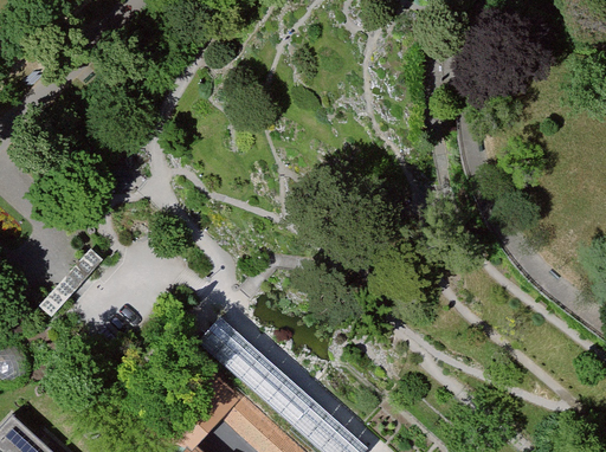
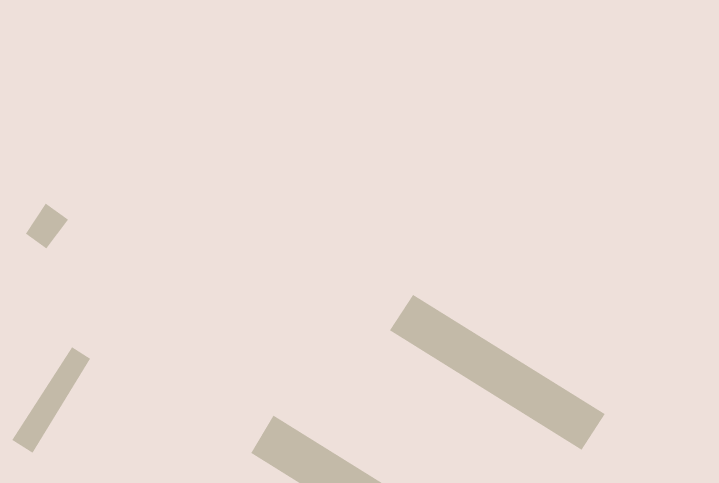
building: none -> [389,294,606,451]

